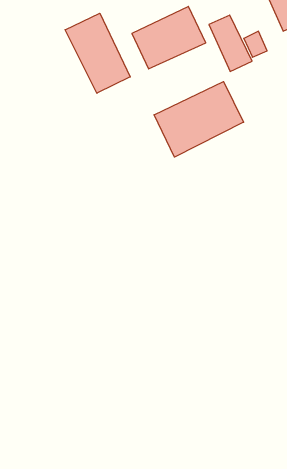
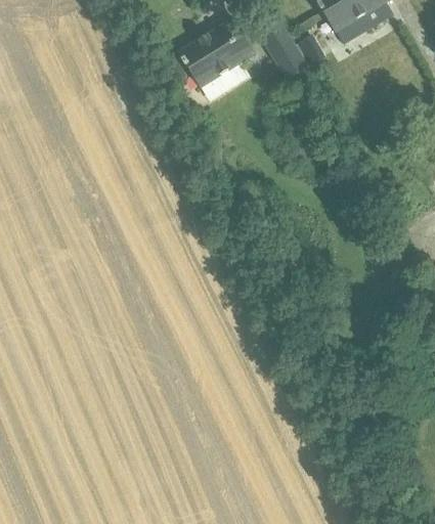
building: [65,13,130,93] -> none
building: [154,82,244,157] -> none

